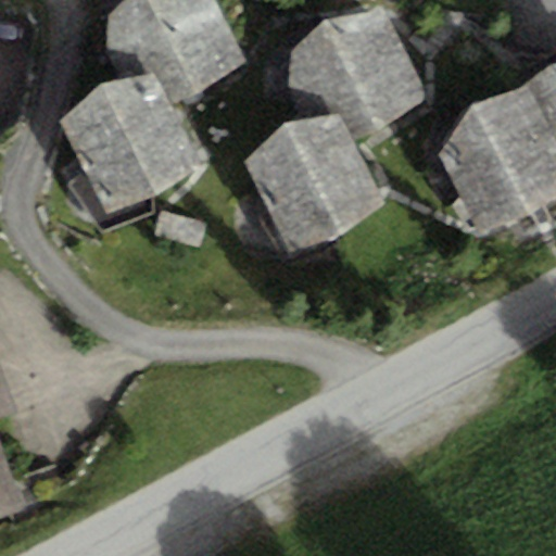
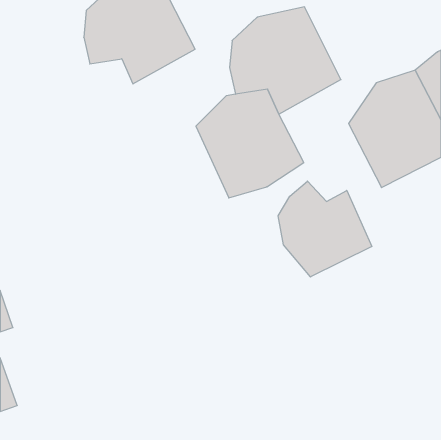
building: [63,74,199,211] -> none
building: none -> [278,181,372,277]

